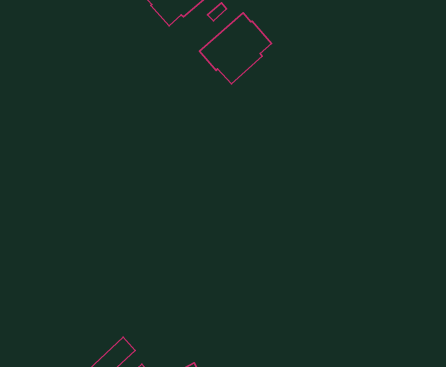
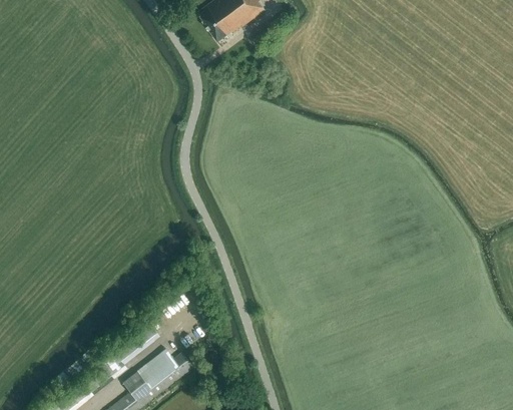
building: [200,13,272,84] -> none

